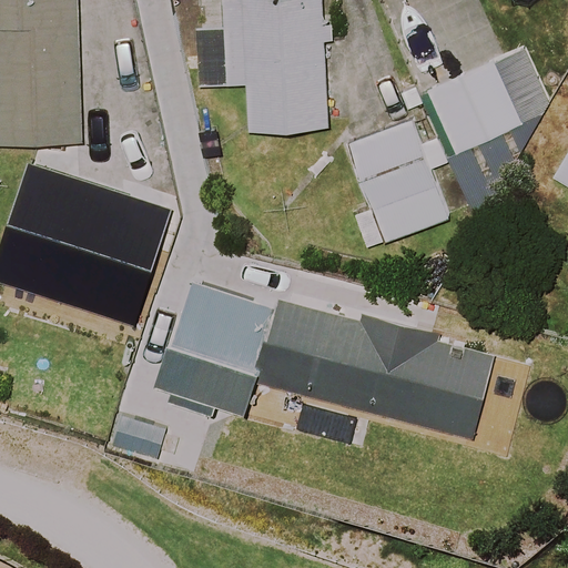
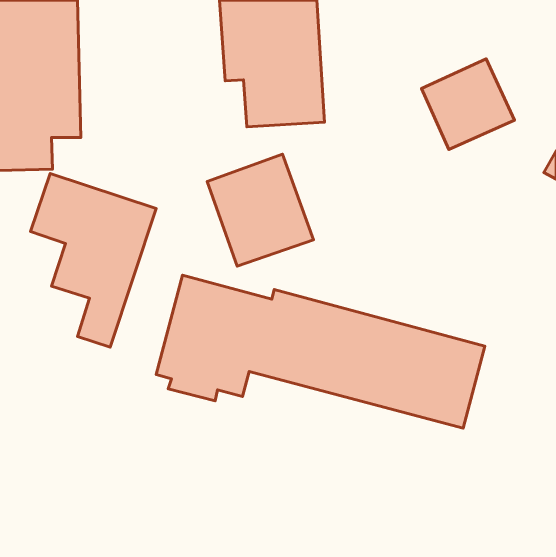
building: [348,121,449,248] -> none
building: none -> [207,154,313,266]

